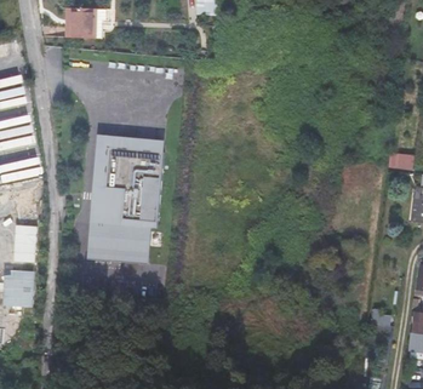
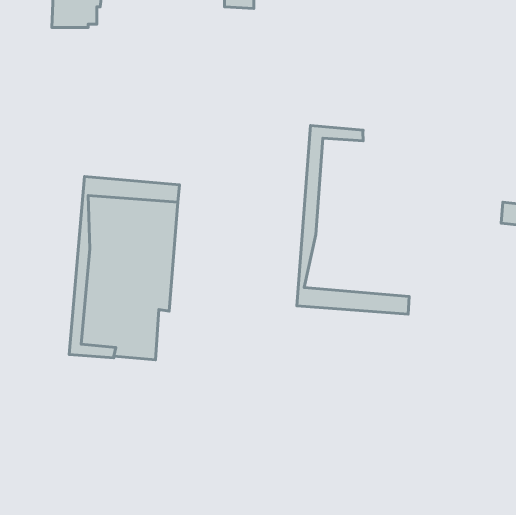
building: none -> [297,126,409,314]

